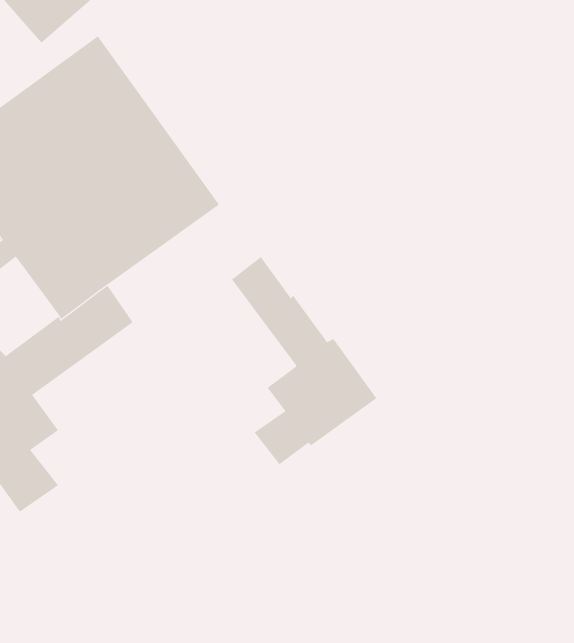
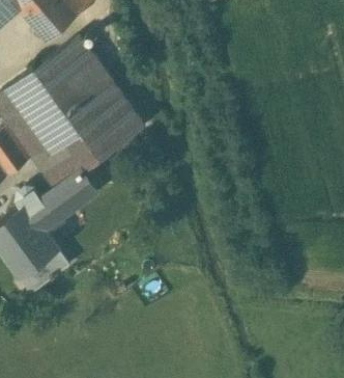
building: [231,256,377,465] -> none

